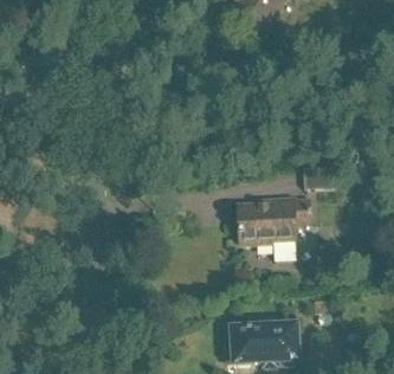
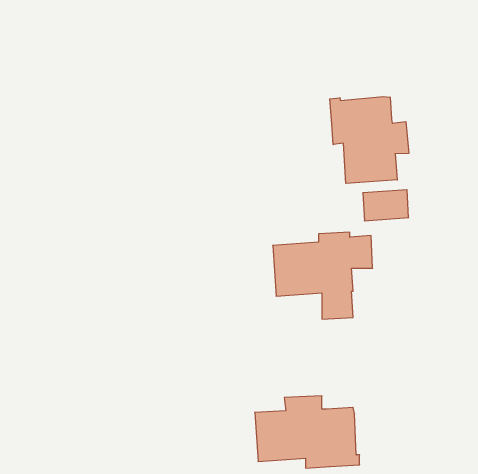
building: none -> [330,97,409,183]

